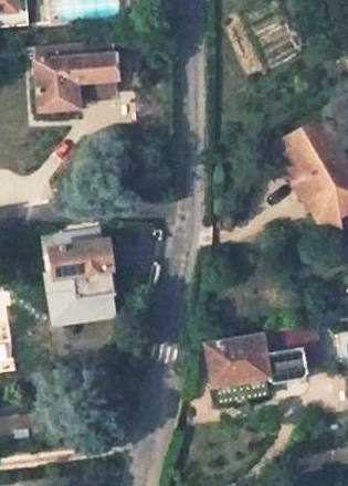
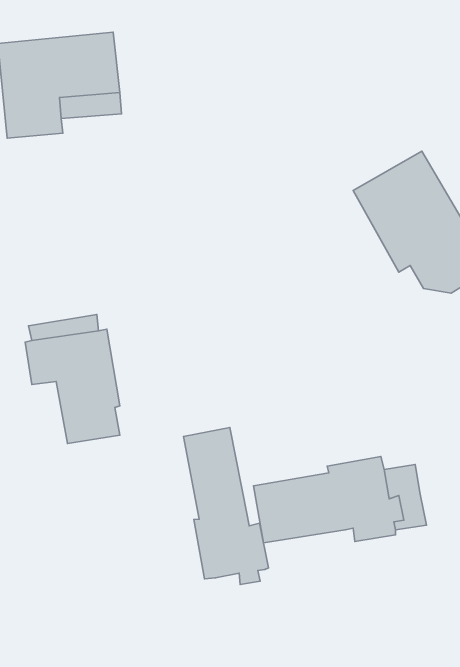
building: [48,278,78,325] -> none
building: none -> [184,427,268,584]

